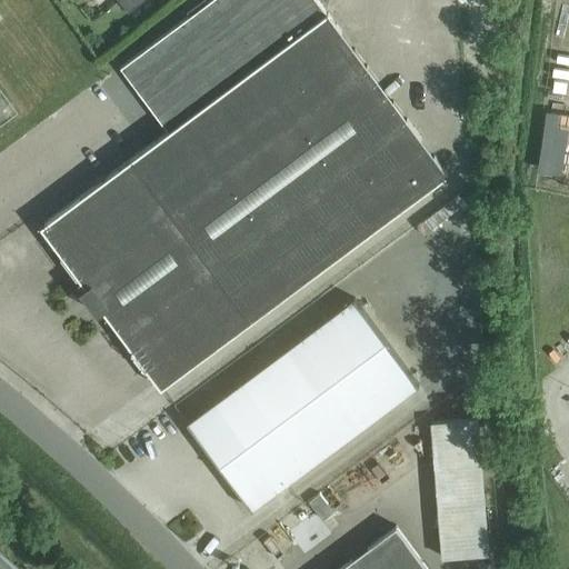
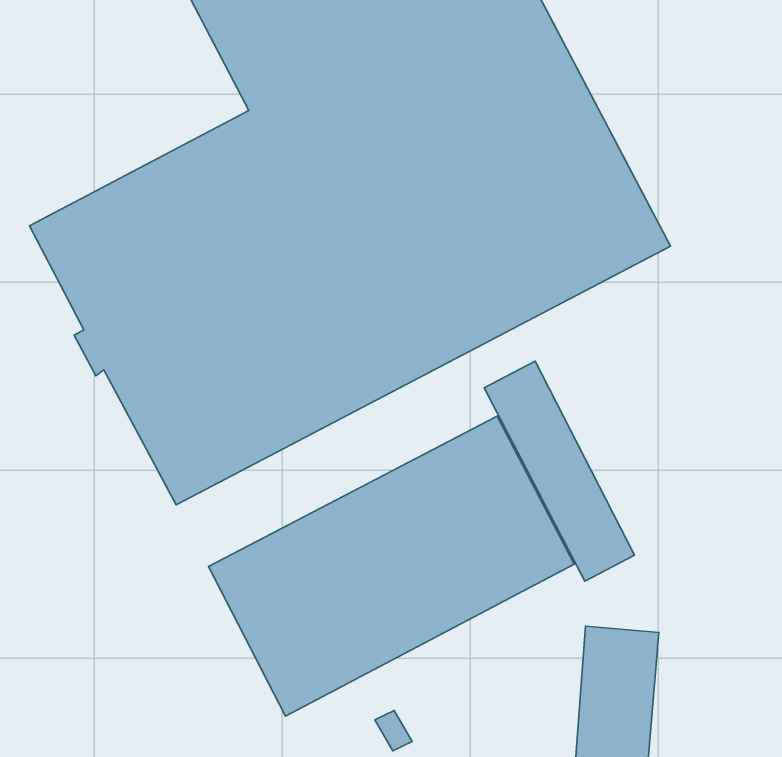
building: none -> [484,361,635,581]

